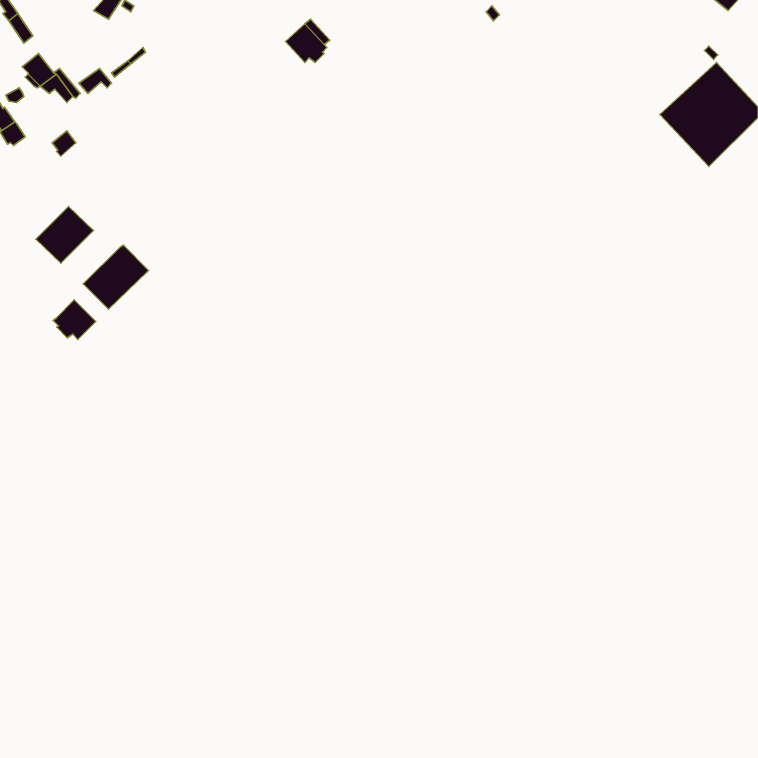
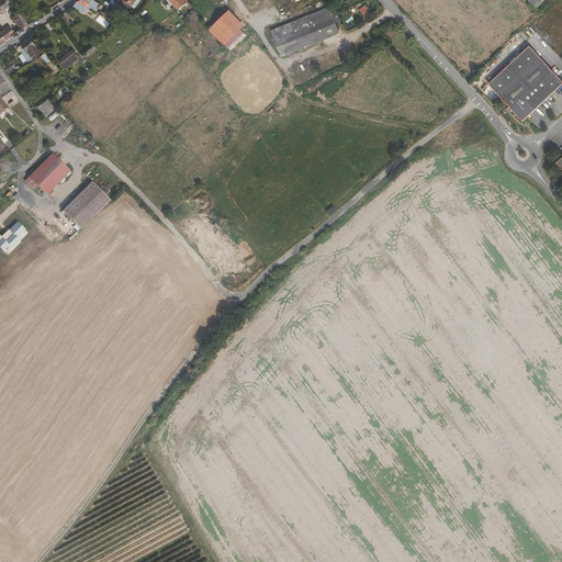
building: none -> [270,5,338,55]
building: [53,300,96,340] -> none

